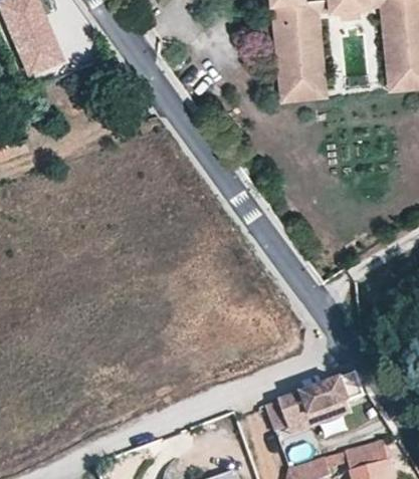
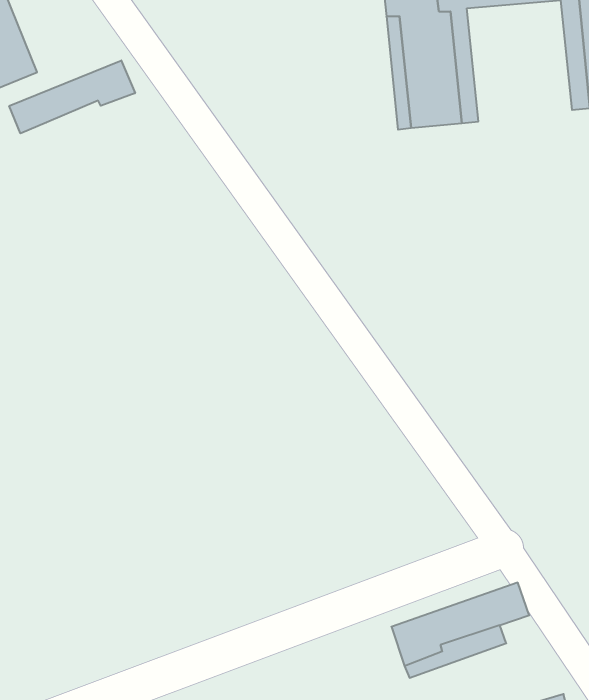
building: none -> [9,60,135,133]

